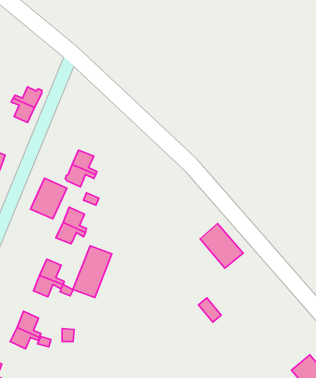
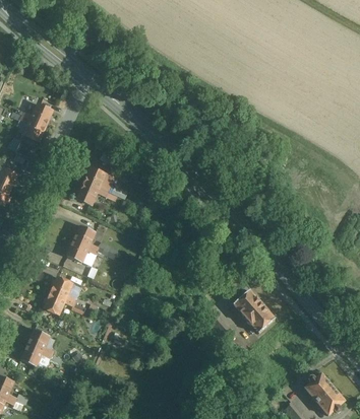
building: [31,178,67,219] -> none
building: [200,223,243,268] -> [232,288,275,333]
building: [73,246,112,298] -> none

